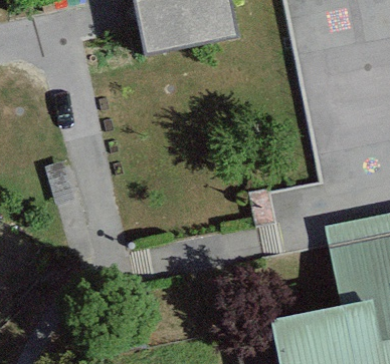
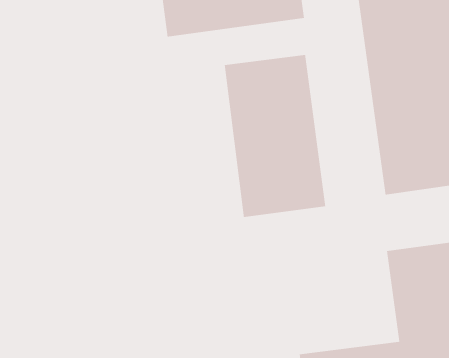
building: none -> [224,54,326,218]

